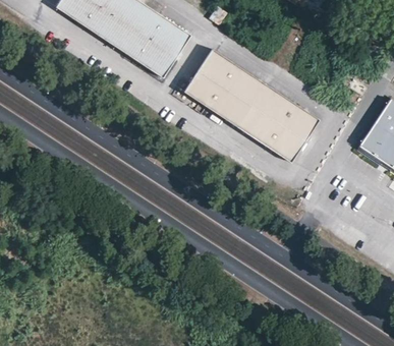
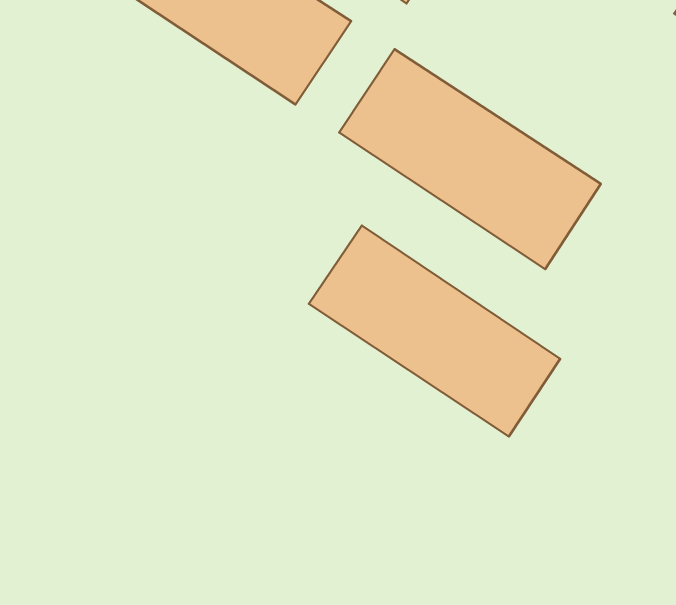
building: none -> [309,225,560,437]

